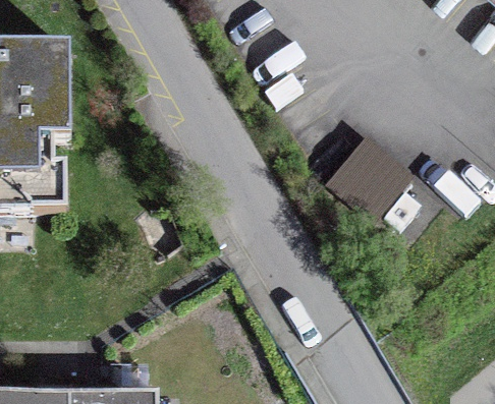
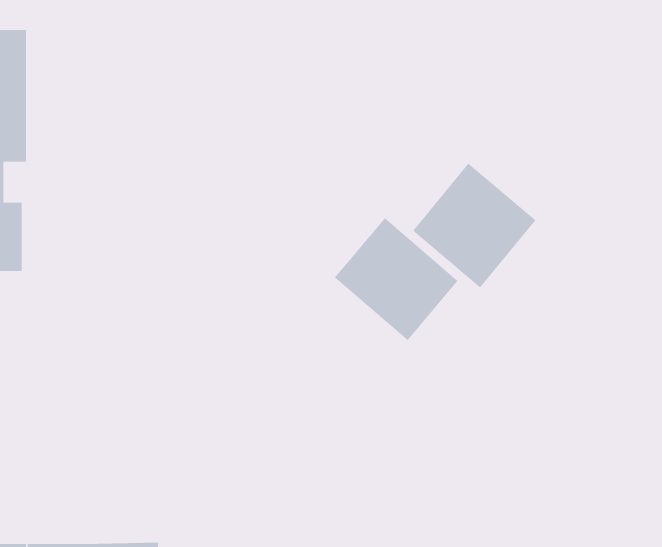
building: none -> [334,217,459,341]

